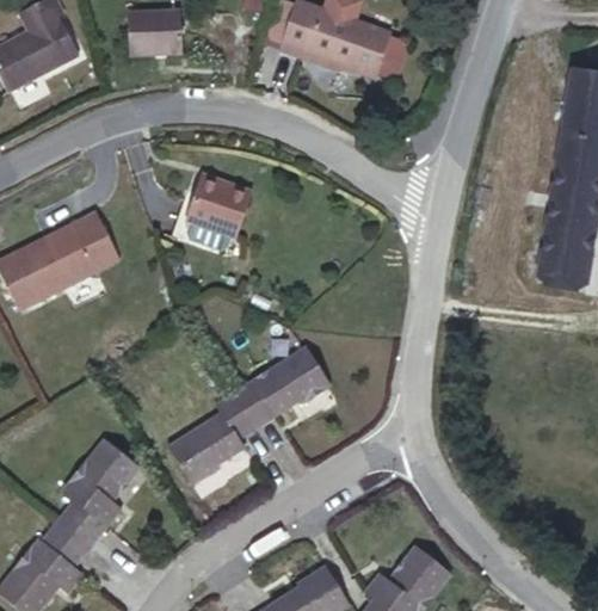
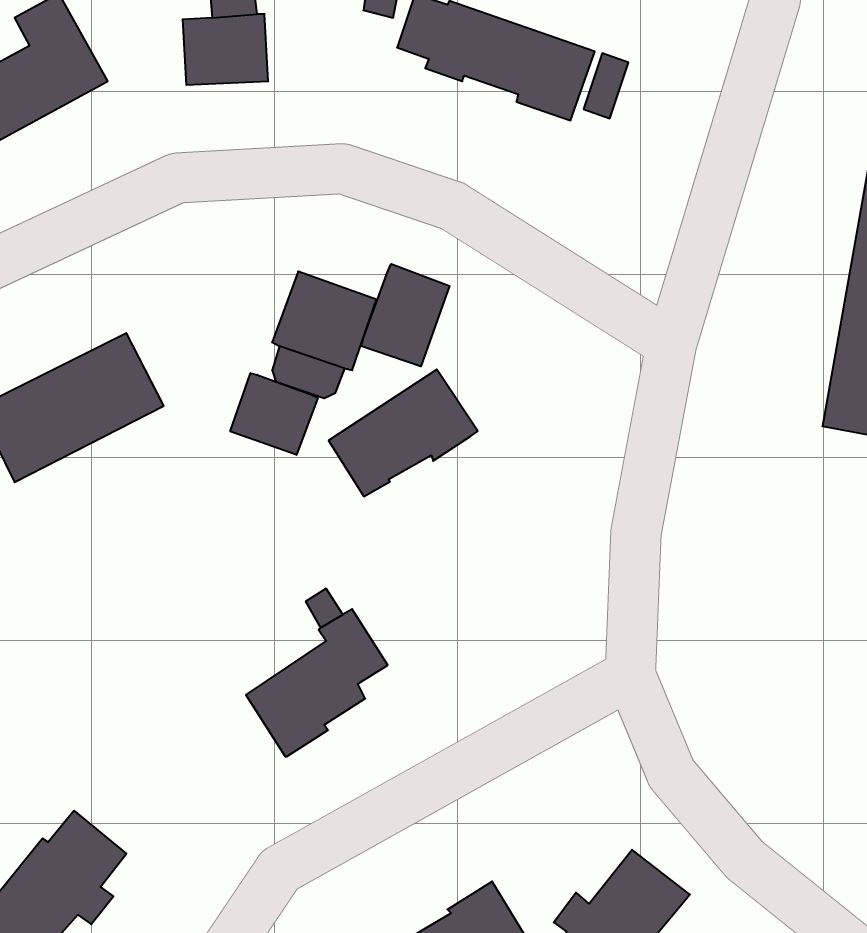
building: none -> [361,264,450,366]
building: none -> [230,373,318,455]
building: [236,345,332,426] -> [329,369,478,496]
building: [58,438,141,547] -> none

